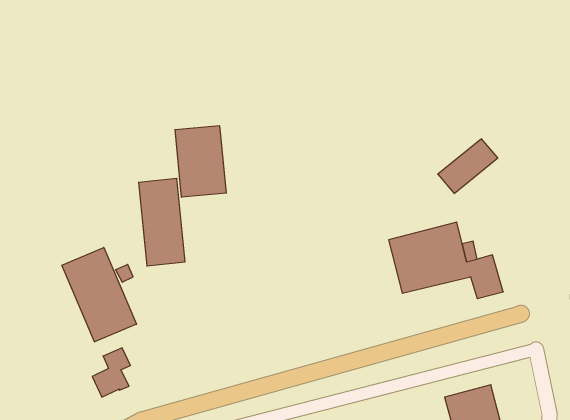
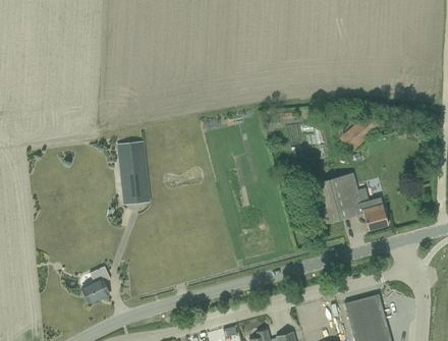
building: [175,126,226,197] -> none
building: [62,247,137,342] -> none

